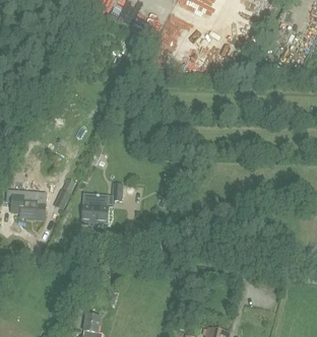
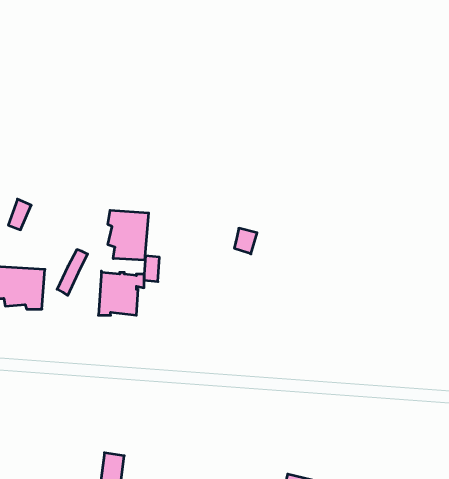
building: none -> [108,210,149,260]

